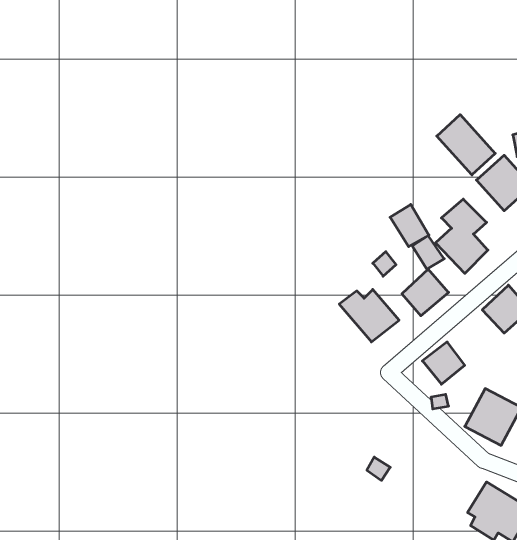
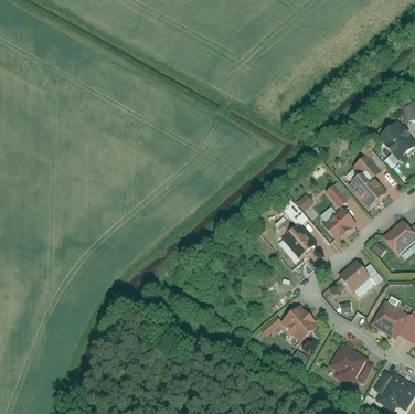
building: [437,115,495,175] -> none
building: [390,204,429,247] -> none
building: none -> [280,302,320,342]
building: none -> [327,342,370,388]

